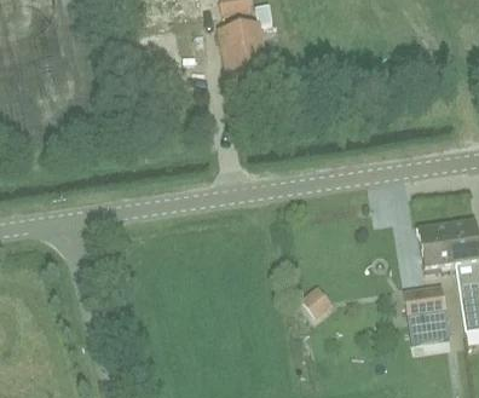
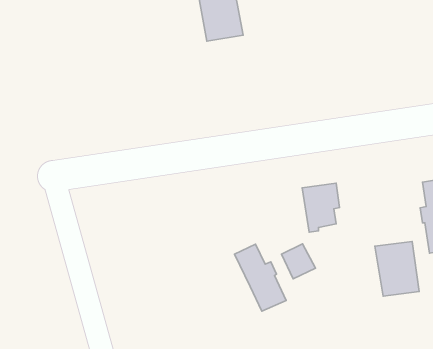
building: [417,223,456,273] -> [302,183,340,232]
building: none -> [235,244,286,311]

